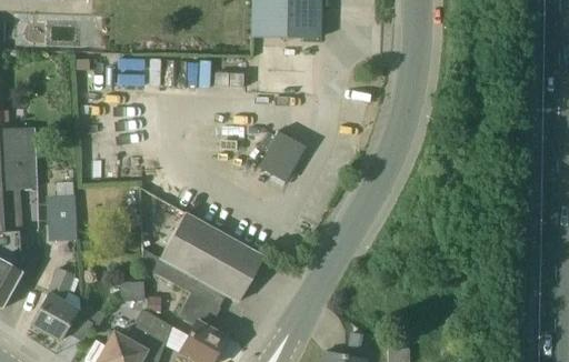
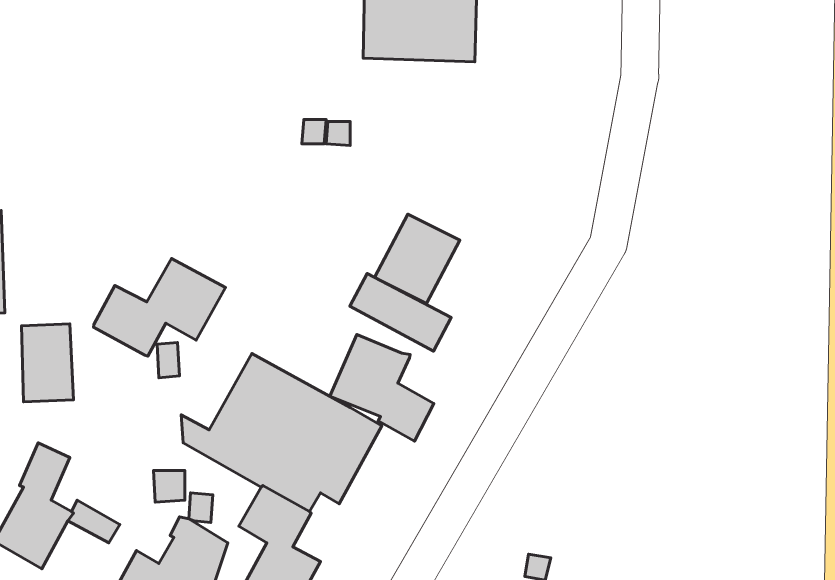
building: none -> [93,258,226,356]
building: none -> [350,274,451,351]
building: none -> [330,334,434,441]

